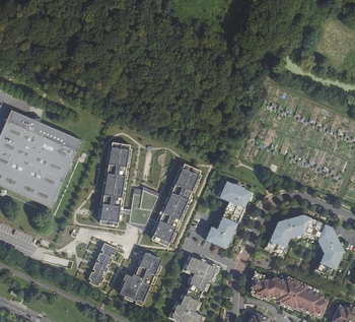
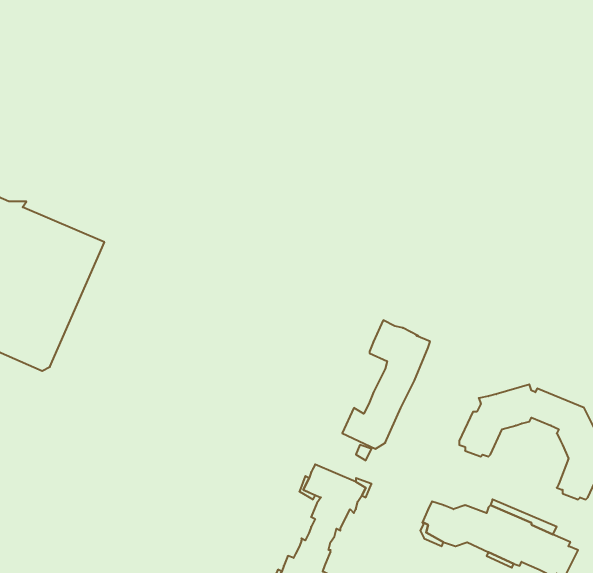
building: [98,142,200,246] -> none
building: [86,244,117,287] -> none
building: [119,252,161,303] -> none

